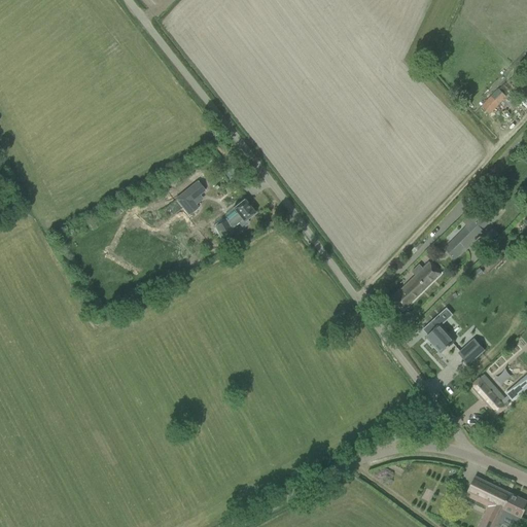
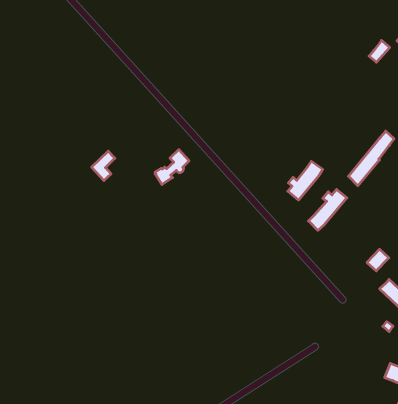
building: [176,180,205,215] -> [92,151,115,181]
building: none -> [288,161,323,200]
building: [423,312,456,352] -> none

